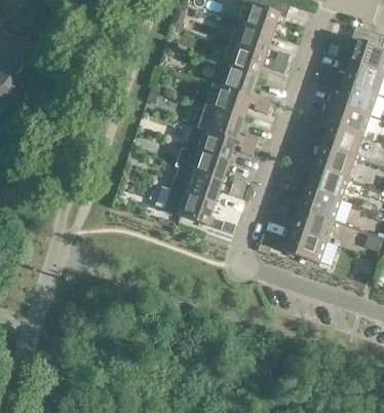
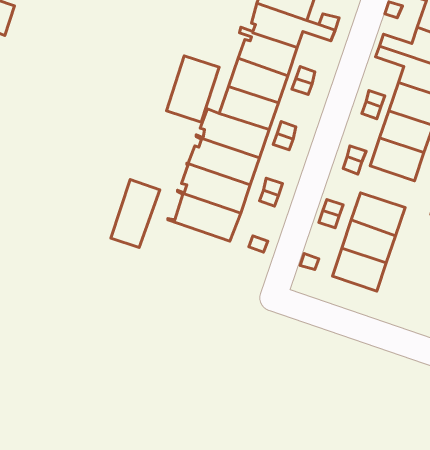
building: none -> [166,56,219,122]
building: [306,168,347,200] -> none
building: none -> [111,180,160,247]

